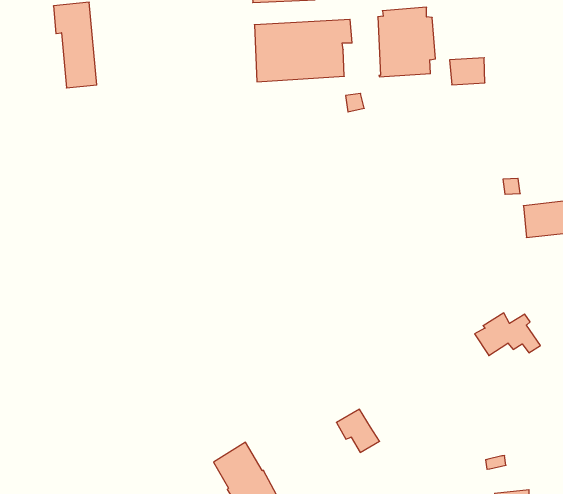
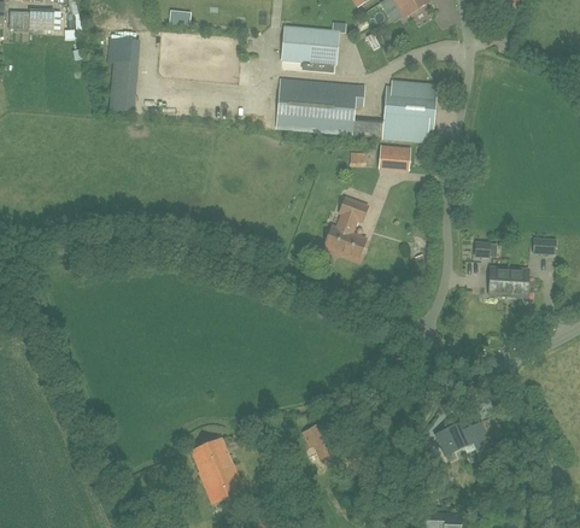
building: [450,58,485,85] -> [379,146,410,170]
building: none -> [323,198,367,259]
building: [475,313,540,356] -> [434,420,490,457]

